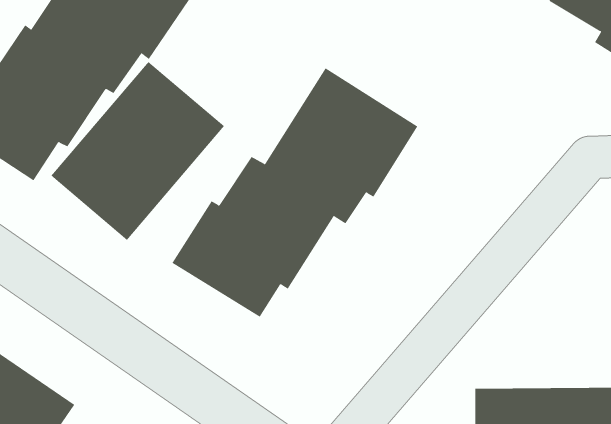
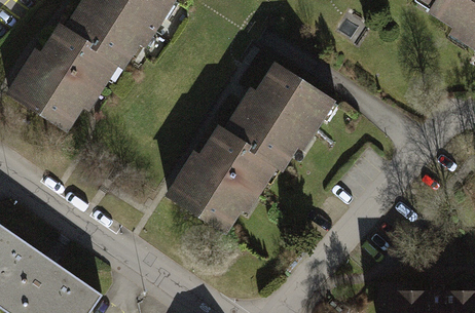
building: [50,61,225,241] -> none

